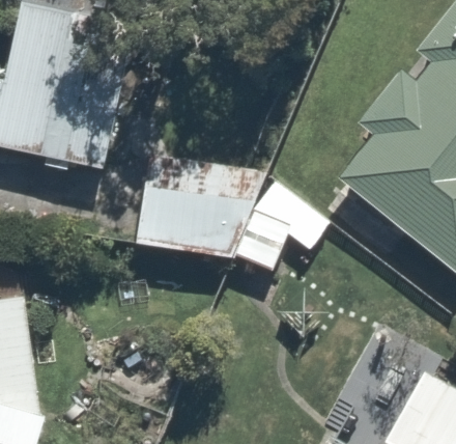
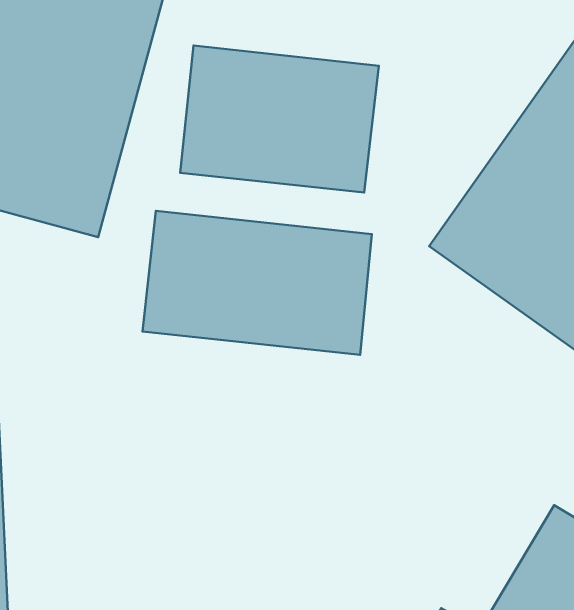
building: none -> [180,46,379,193]

